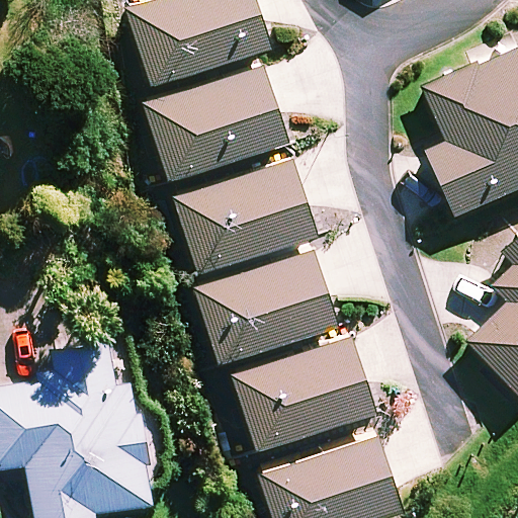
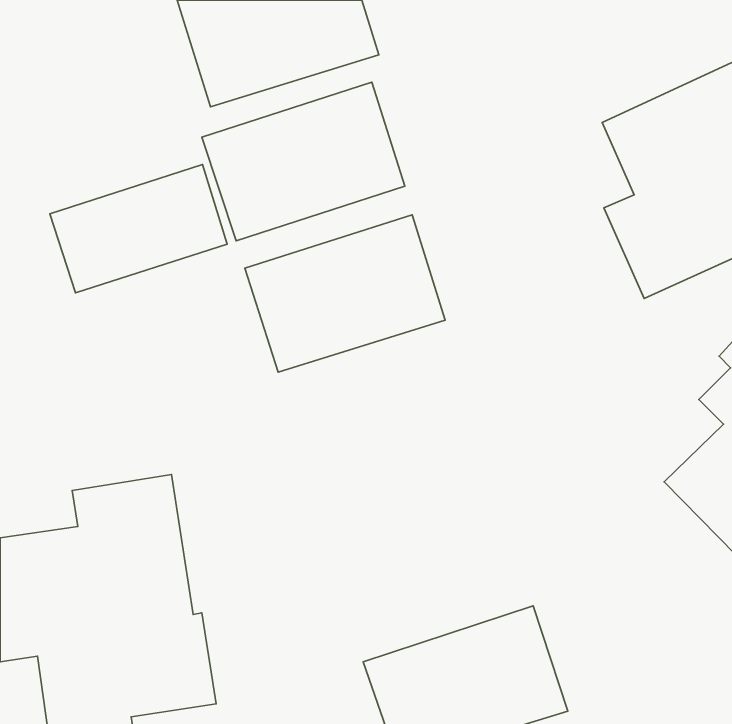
building: none -> [50,165,227,293]
building: [196,250,337,360] -> none
building: [233,336,374,448] -> none

